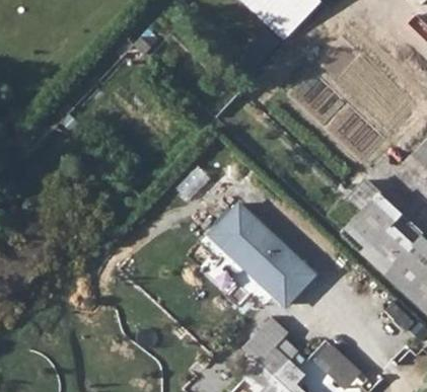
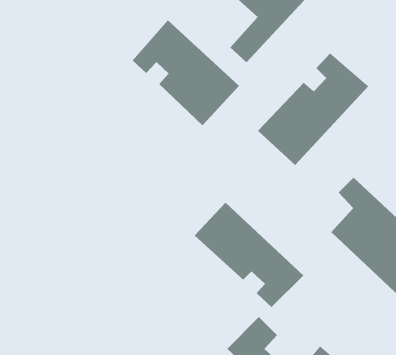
building: none -> [132,19,240,126]
building: none -> [257,52,369,166]

